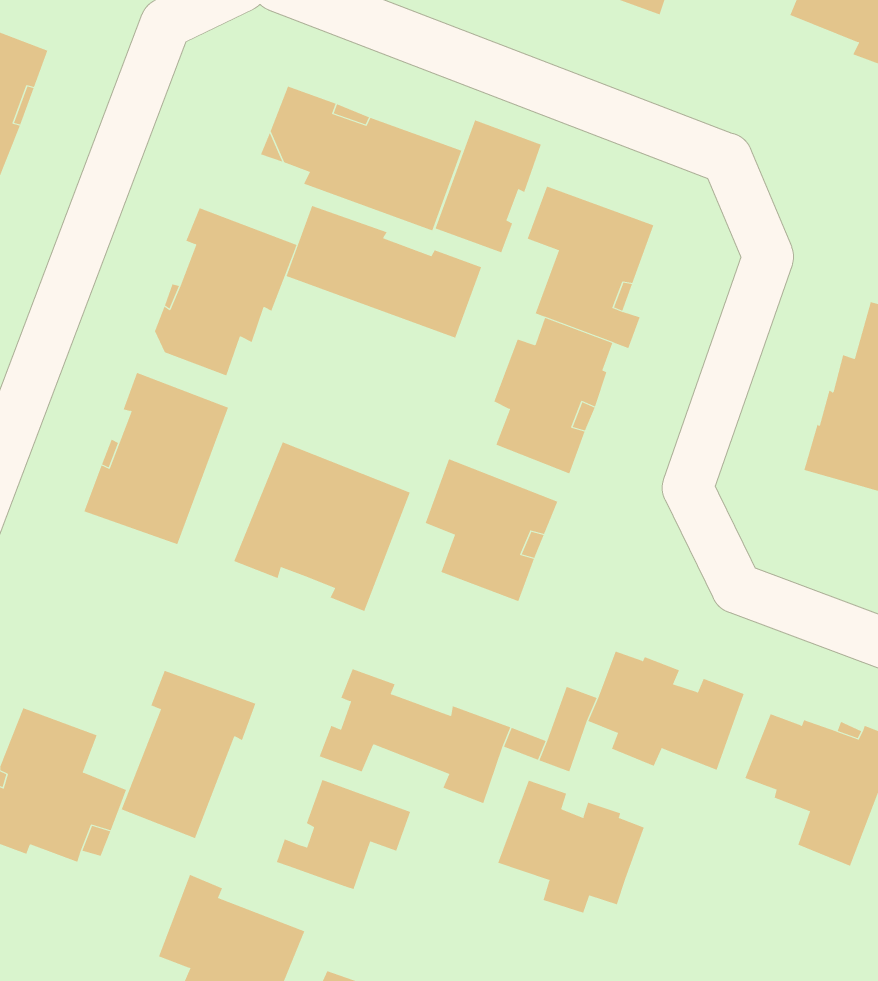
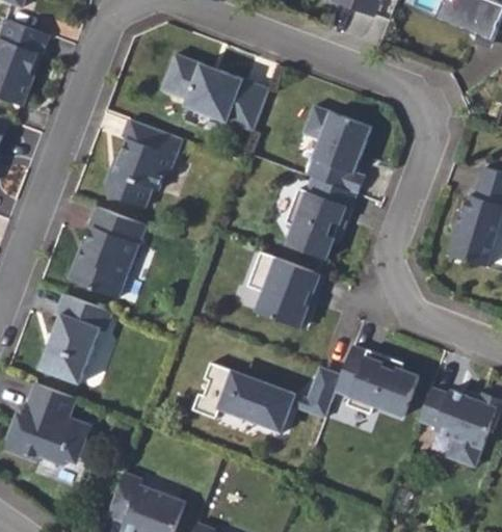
building: [435,120,541,253] -> none
building: [286,205,482,338] -> none
building: [234,441,411,612] -> none
building: [121,670,256,839] -> [39,294,111,383]
building: [276,779,411,890] -> none
building: [498,780,644,913] -> none

